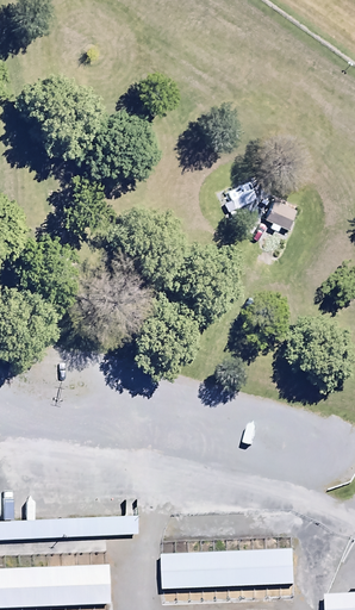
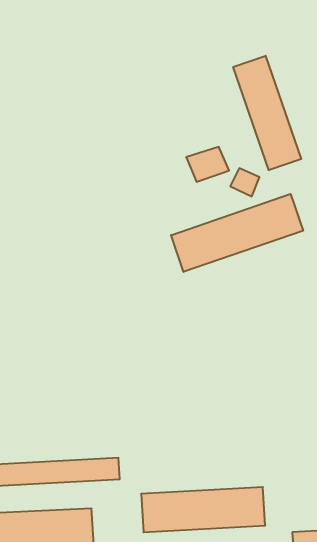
building: none -> [233,56,301,170]
building: none -> [171,194,303,272]

